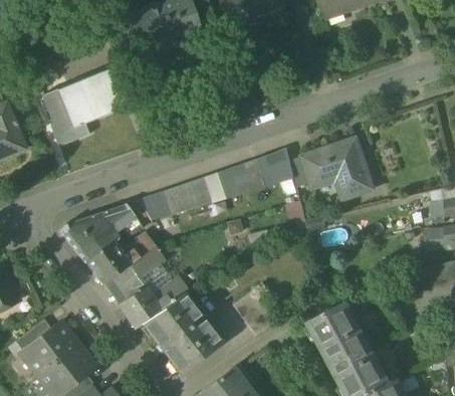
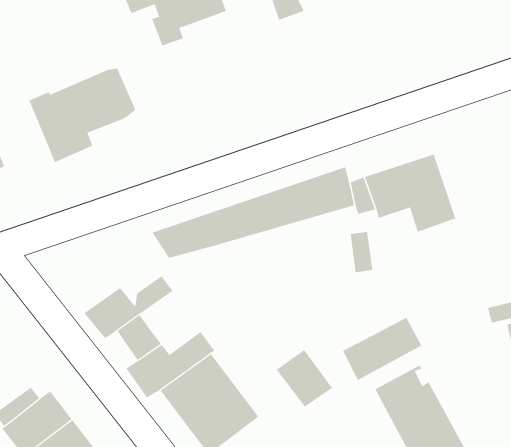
building: [59,203,143,262] -> none
building: [129,244,164,276] -> none
building: none -> [343,317,422,381]

